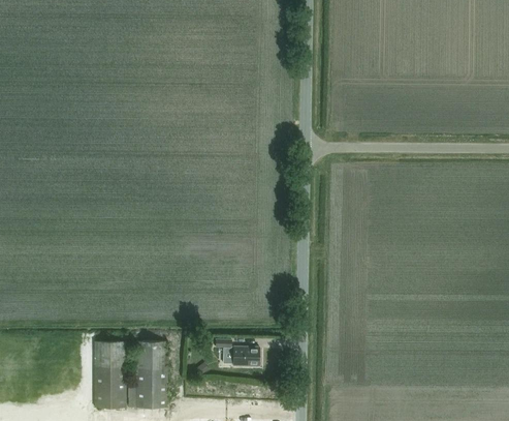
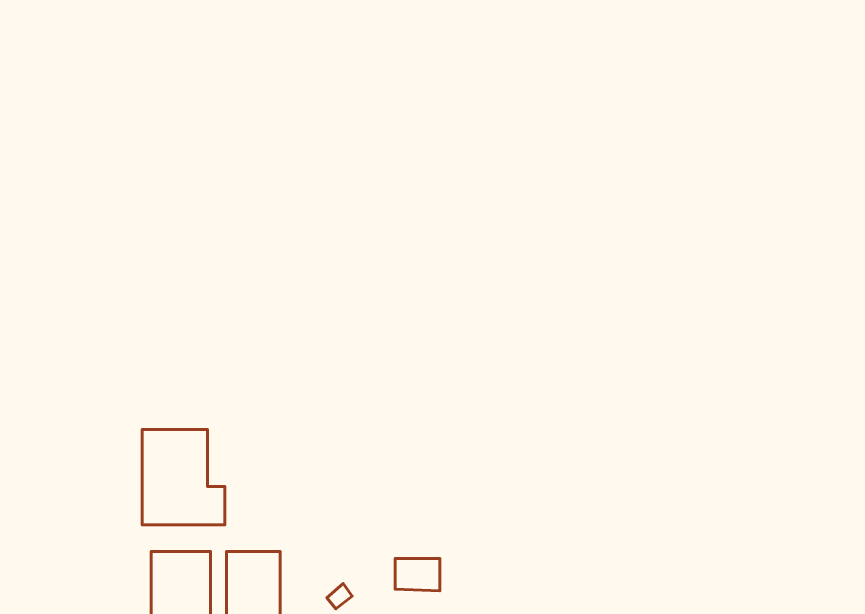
building: none -> [142,429,225,525]

